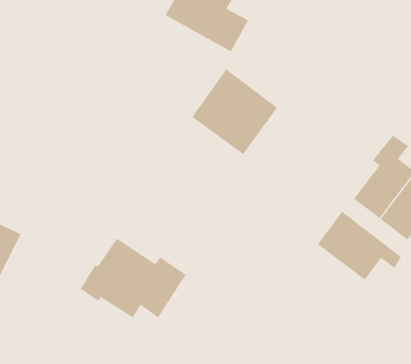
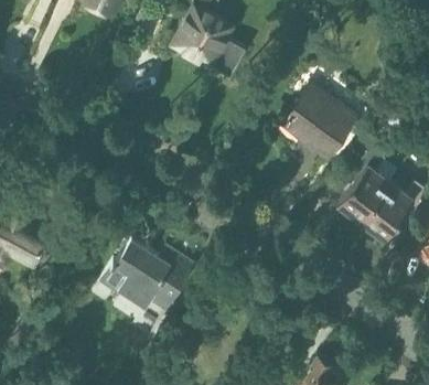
building: [191,68,278,155] -> [282,84,357,159]
building: [317,211,402,281] -> none

